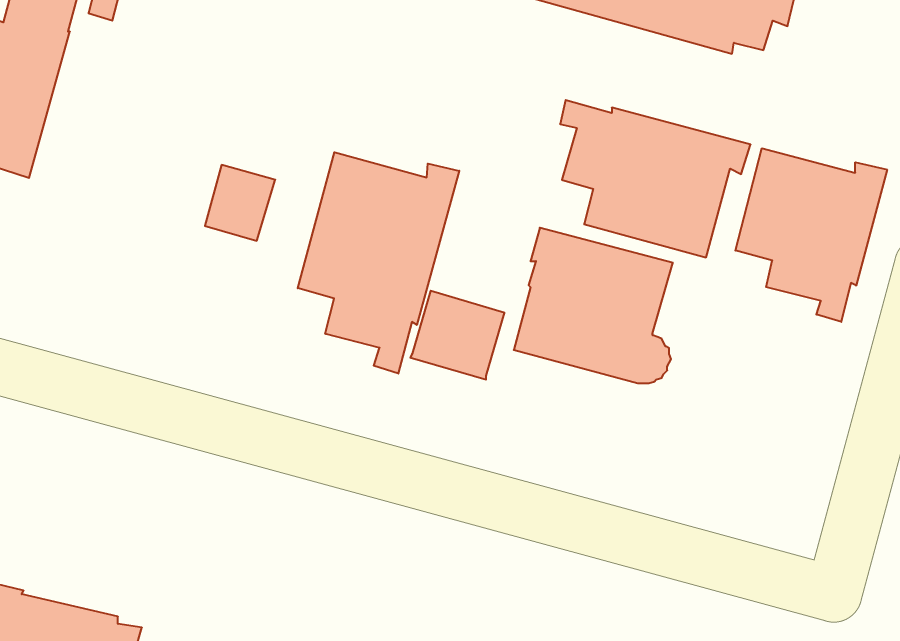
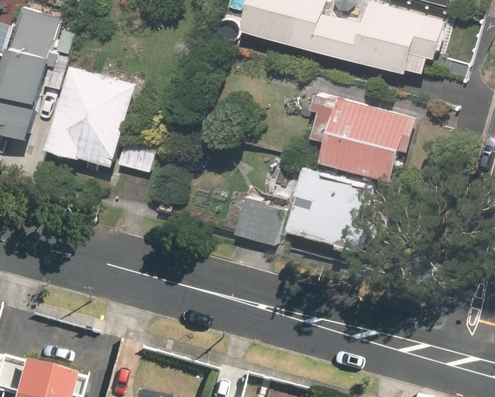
building: none -> [47,68,132,164]
building: [735,148,887,322] -> none
building: [298,152,459,374] -> none

